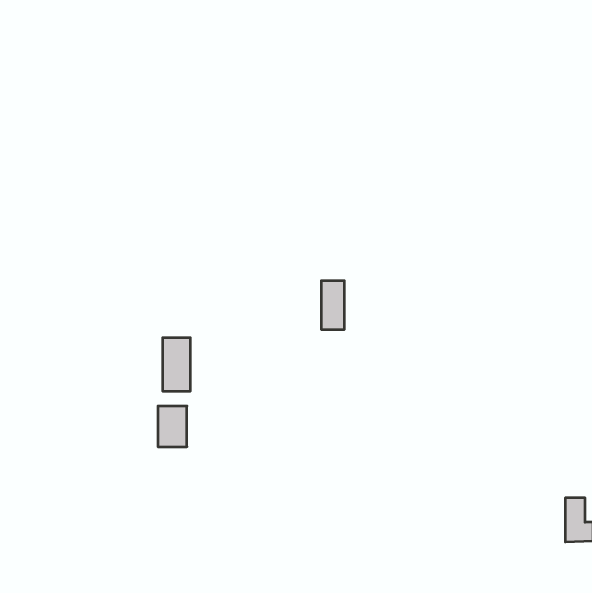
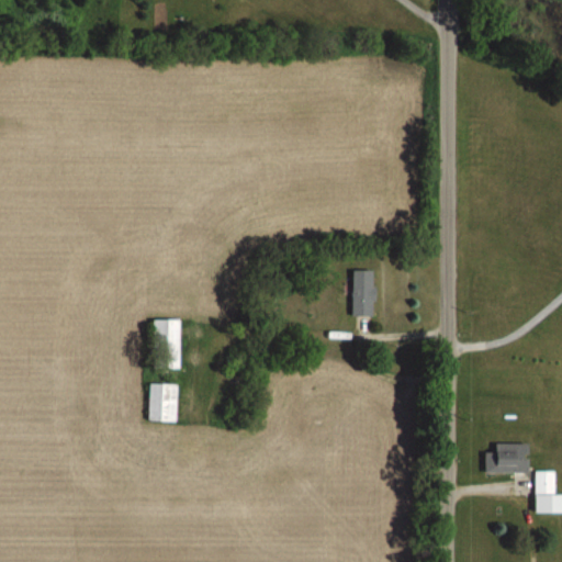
building: [321,281,344,329] -> [353,270,375,316]
building: none -> [485,443,529,472]

